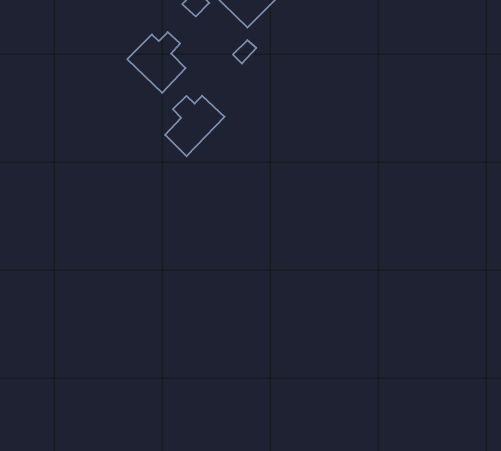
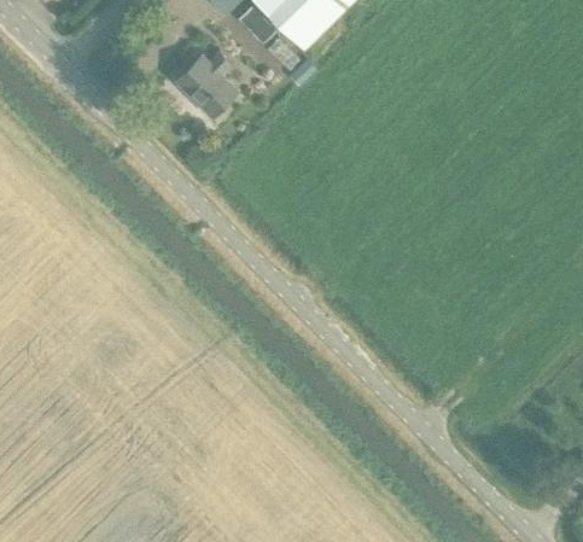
building: [165,96,225,156] -> none

